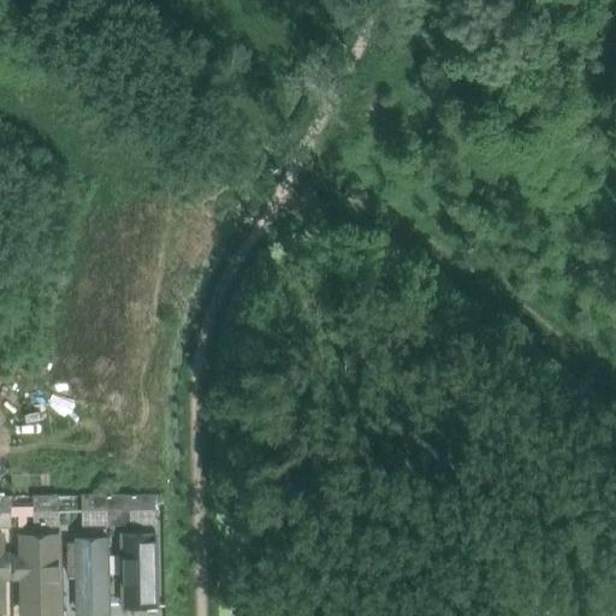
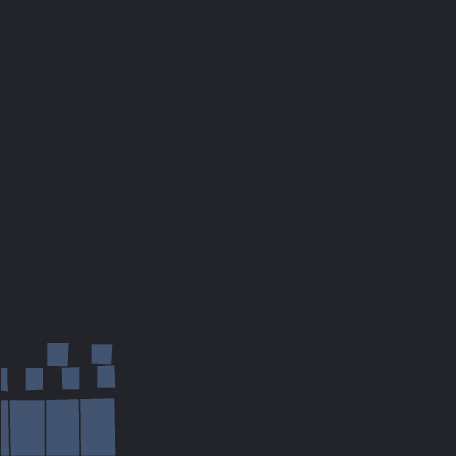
building: none -> [47,342,69,367]
building: none -> [91,343,113,365]

